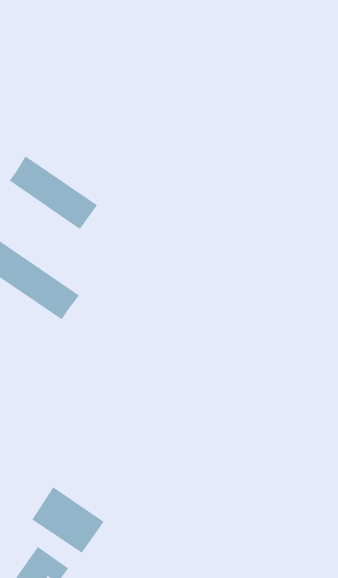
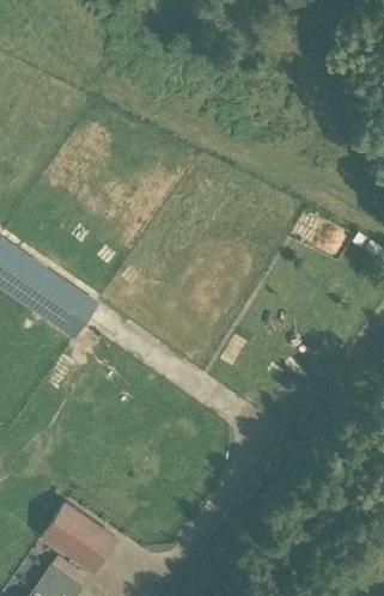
building: [9,156,98,230] -> none

